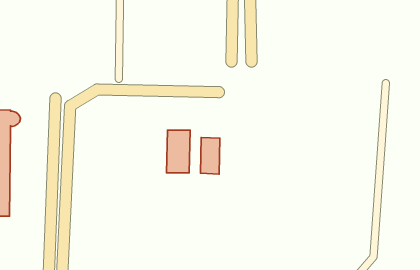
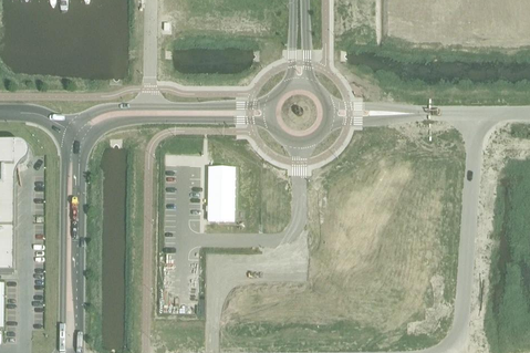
building: [200,137,220,174] -> none

